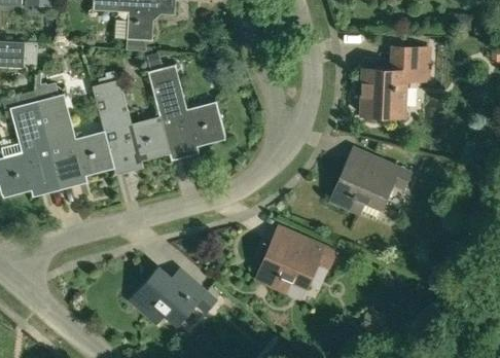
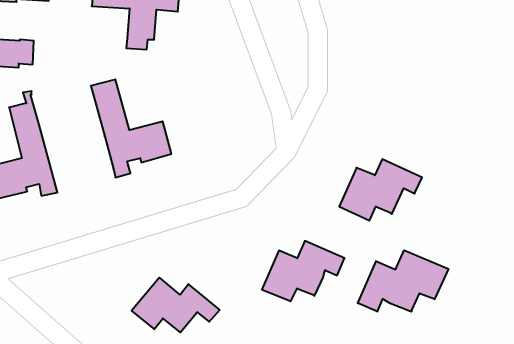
building: [361,46,428,115] -> none
building: [144,51,226,157] -> none
building: [35,73,113,187] -> none
building: none -> [358,250,448,312]

